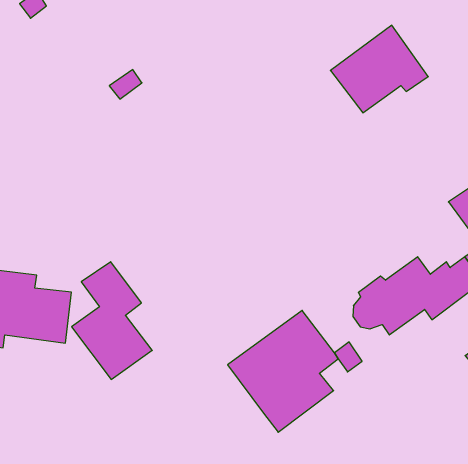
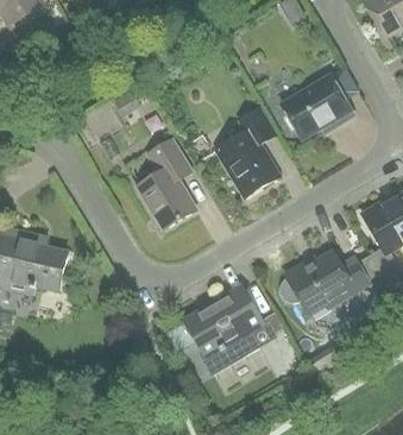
building: none -> [218,108,278,196]
building: [72,262,152,379] -> [137,140,196,229]

